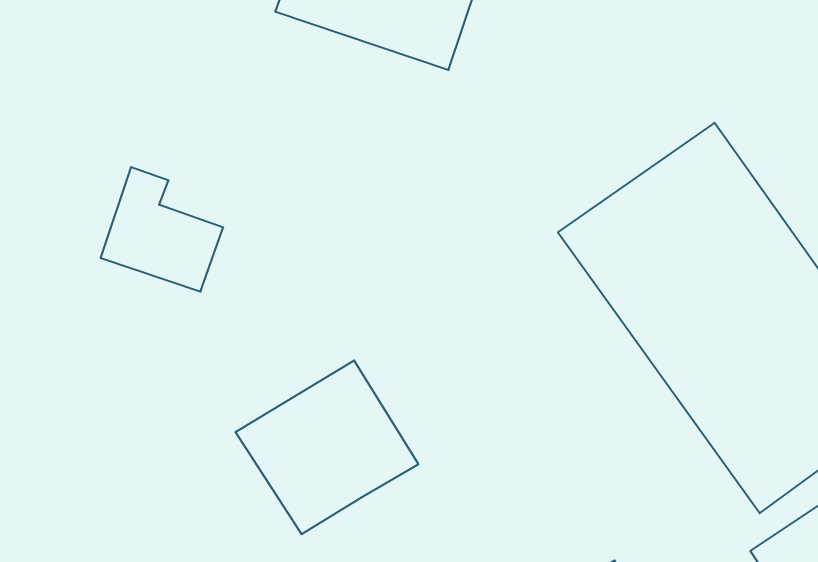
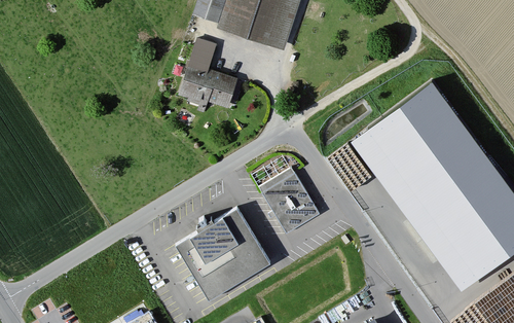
building: [101,167,223,292] -> [177,45,244,113]
building: none -> [260,168,322,234]

